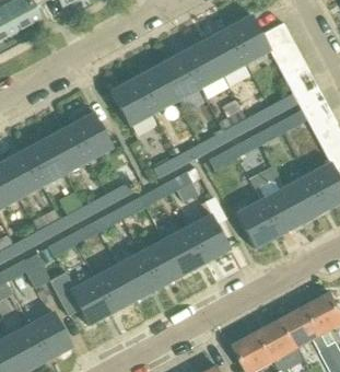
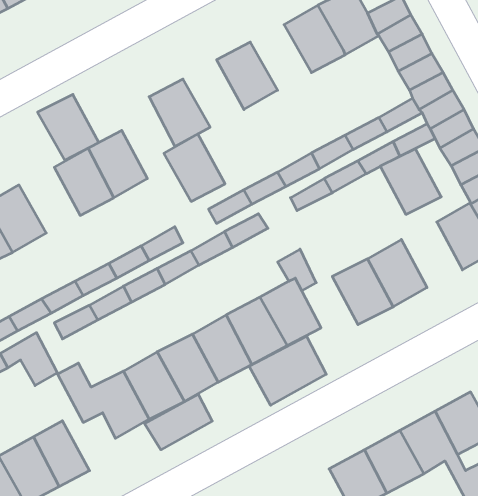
building: [180,43,222,88] -> none
building: [134,67,176,113] -> [164,134,225,201]
building: [23,140,65,185] -> [38,94,99,160]
building: [283,177,325,222] -> [380,149,441,214]
building: none -> [249,336,326,405]
building: none -> [145,394,212,450]

